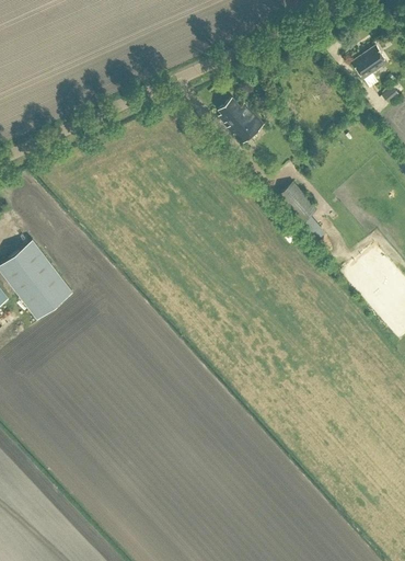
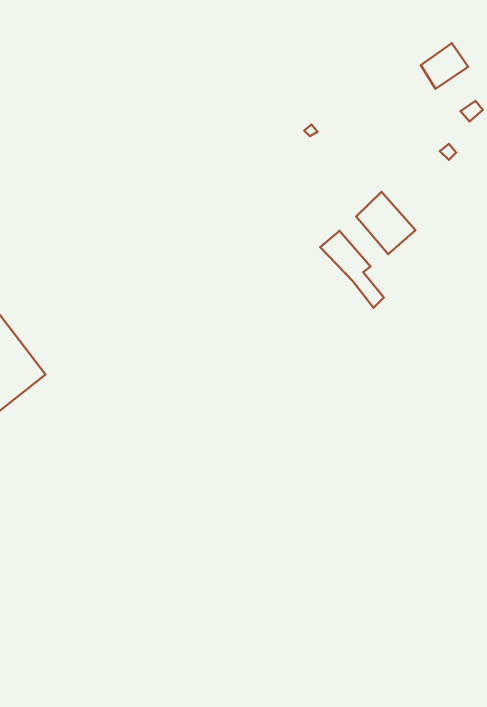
building: [219,99,265,146] -> none
building: none -> [356,192,415,254]

